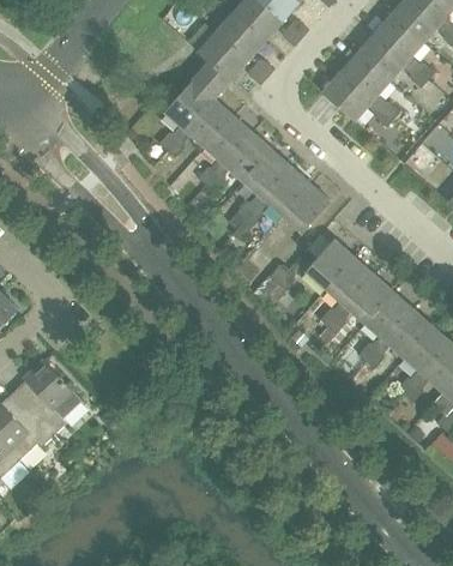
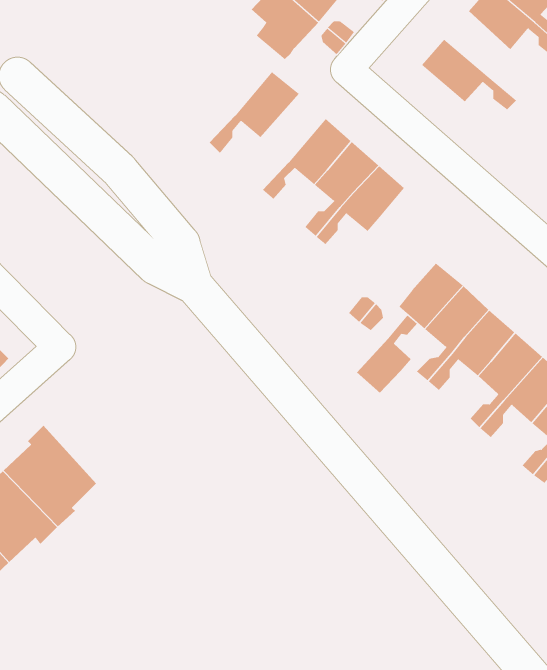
building: [339,53,400,119] -> none
building: [158,71,222,150] -> none
building: [197,114,252,185] -> none
building: [283,183,331,233] -> none
building: none -> [356,314,418,394]

